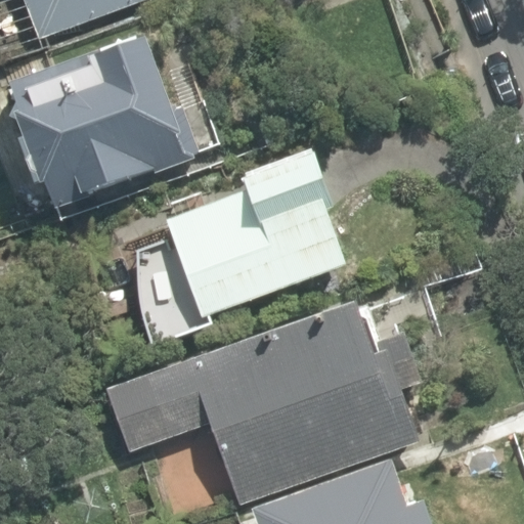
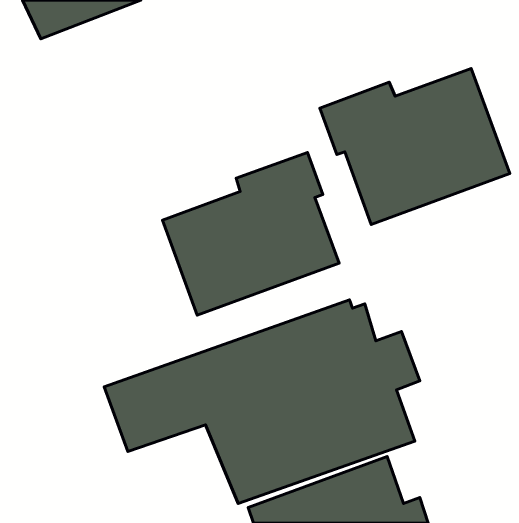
building: [8,37,199,207] -> none
building: none -> [320,68,510,224]

